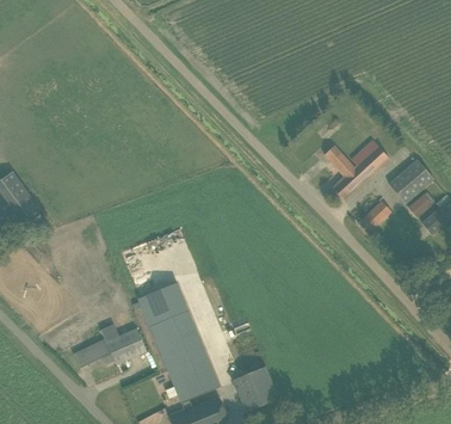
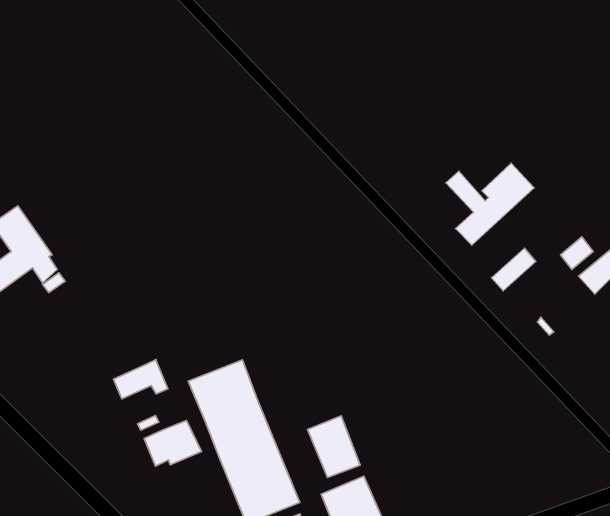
building: [389,159,433,203] -> none
building: none -> [307,416,360,478]
building: [74,339,113,368] -> [114,359,168,399]

